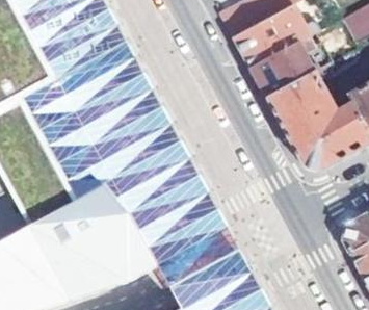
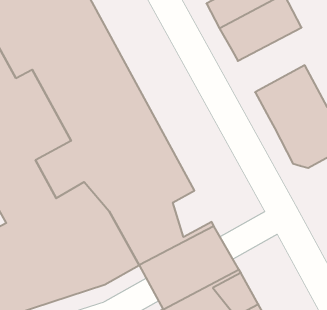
building: [251,36,319,99] -> none
building: [188,193,226,238] -> none

